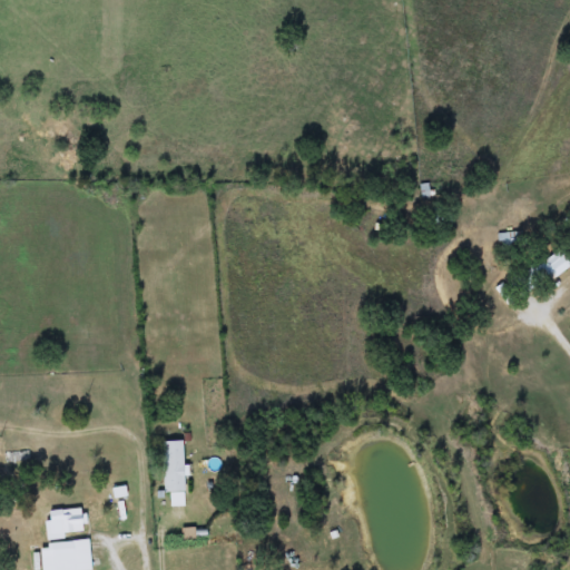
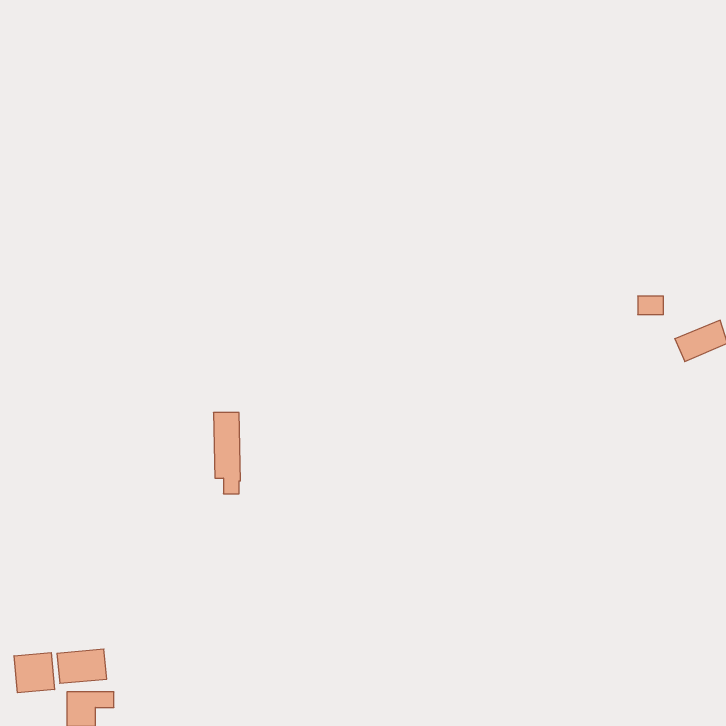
building: [164,441,185,504] -> [213,413,240,494]
building: none -> [14,653,55,693]

